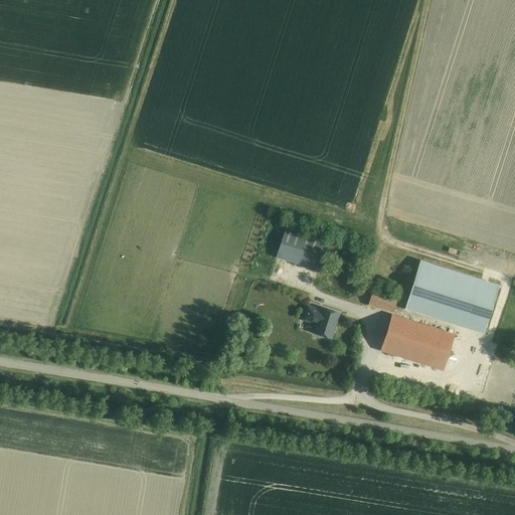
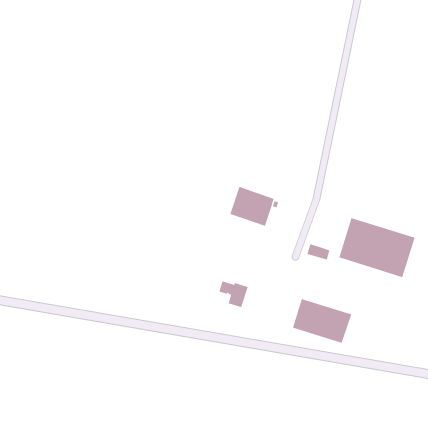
building: [303,306,339,338] -> [219,281,249,308]
building: [381,315,454,369] -> [292,298,352,344]

